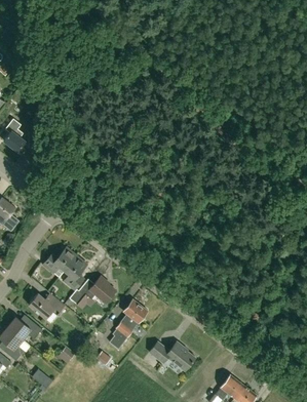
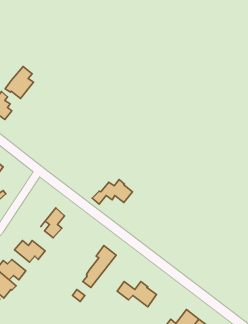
building: none -> [5,66,34,99]
building: [43,247,77,277] -> none
building: [69,276,116,305] -> [92,180,132,204]

